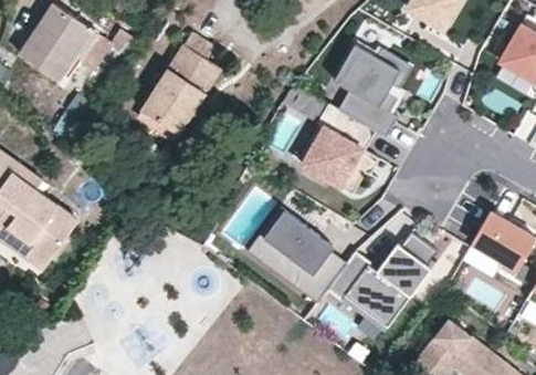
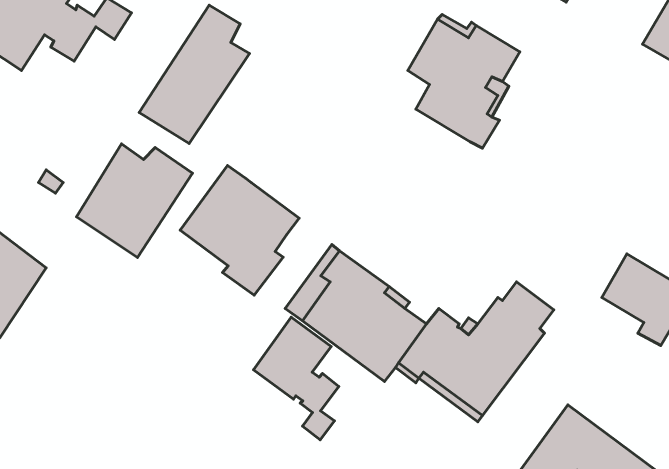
building: [303,103,381,195] -> none
building: none -> [76,144,193,258]
building: none -> [180,165,299,295]
building: none -> [253,317,339,440]

